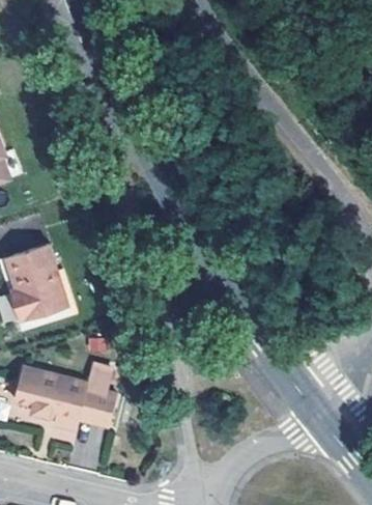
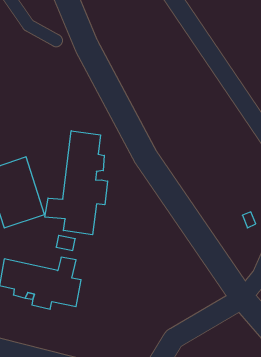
building: none -> [45,131,108,235]

